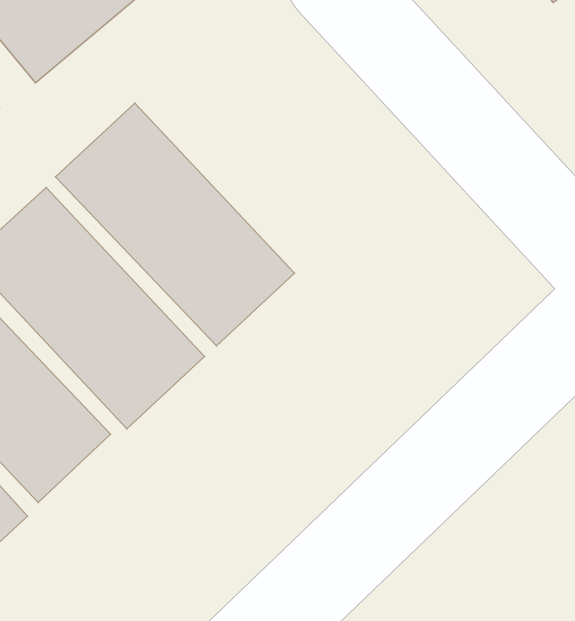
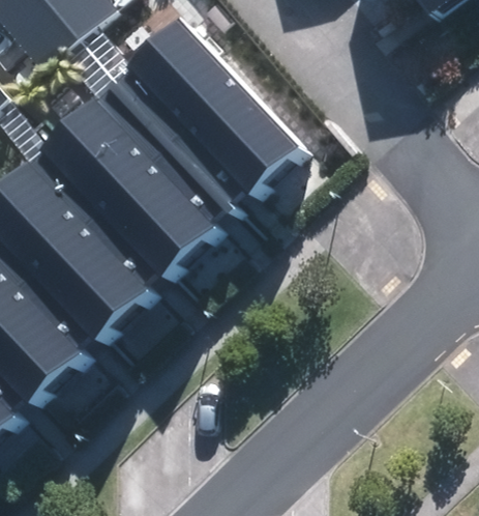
building: none -> [118,17,310,211]

